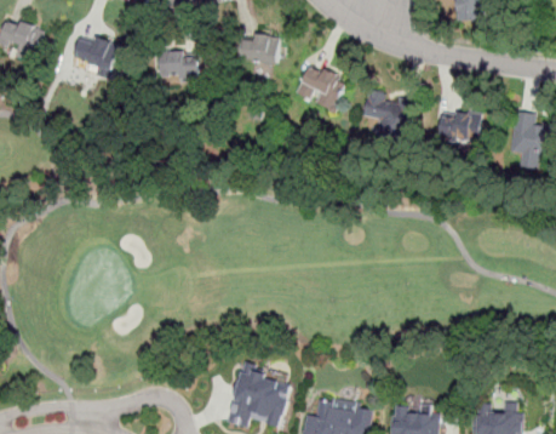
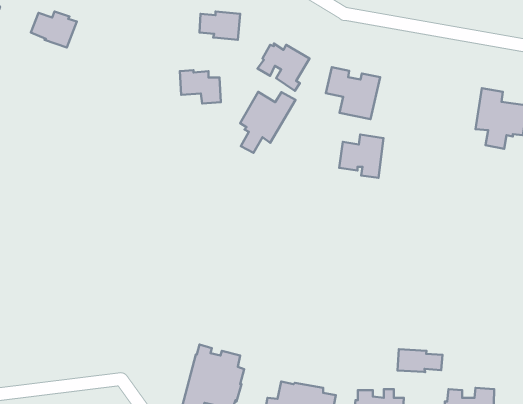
building: [157,50,197,82] -> [180,70,221,104]
building: [437,108,481,150] -> [339,135,384,178]
building: none -> [240,92,295,153]
building: none -> [398,349,443,372]

